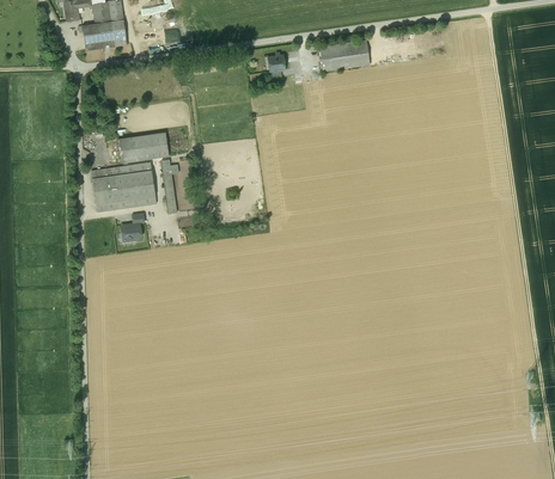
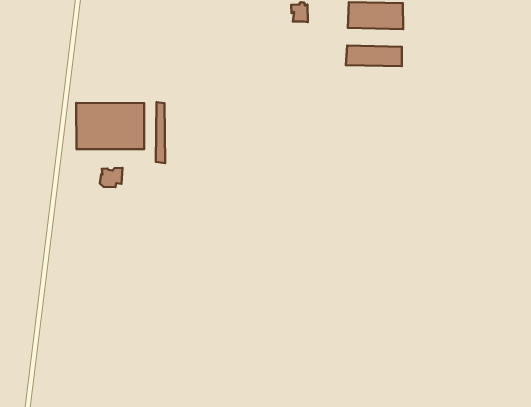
building: none -> [346,46,402,66]
building: [117,133,169,162] -> none

